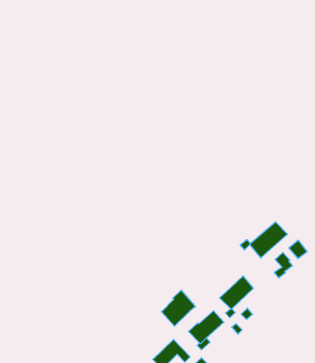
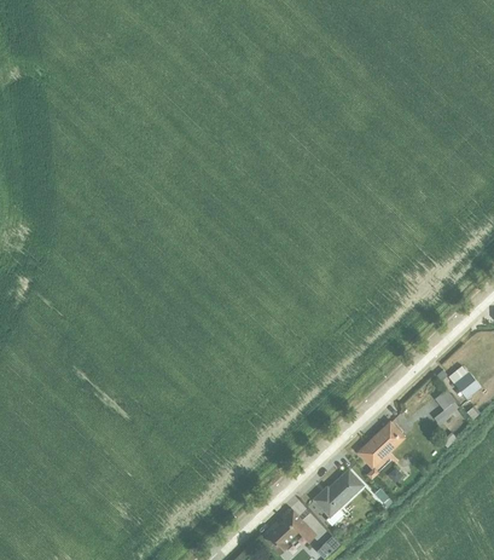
building: [240,222,288,258] -> none
building: [161,290,196,326] -> none

